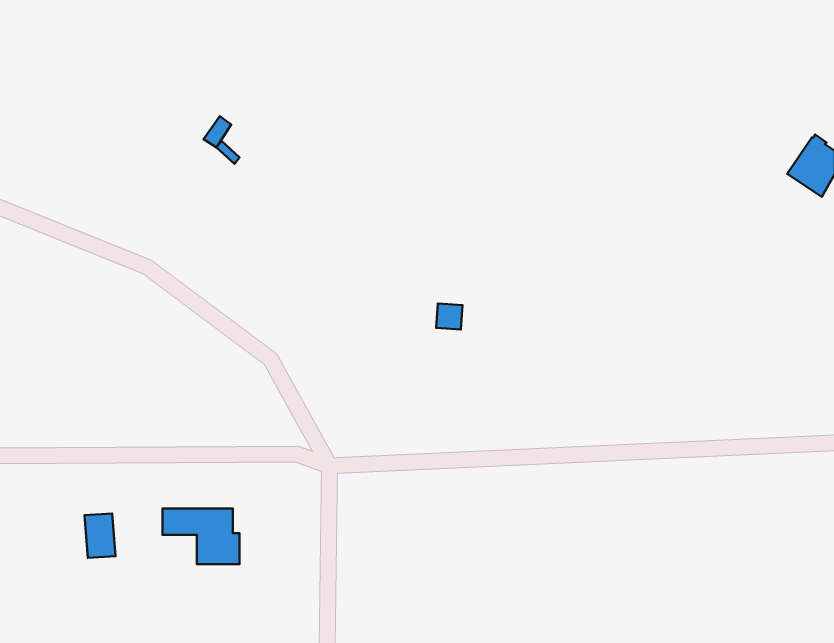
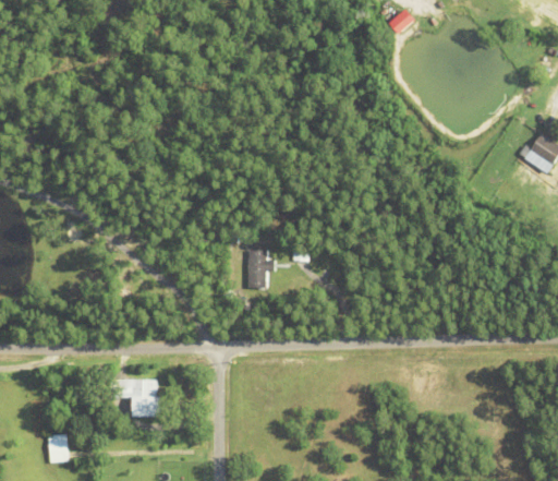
building: none -> [246,249,272,287]
building: [84,513,116,558] -> [46,433,66,462]

